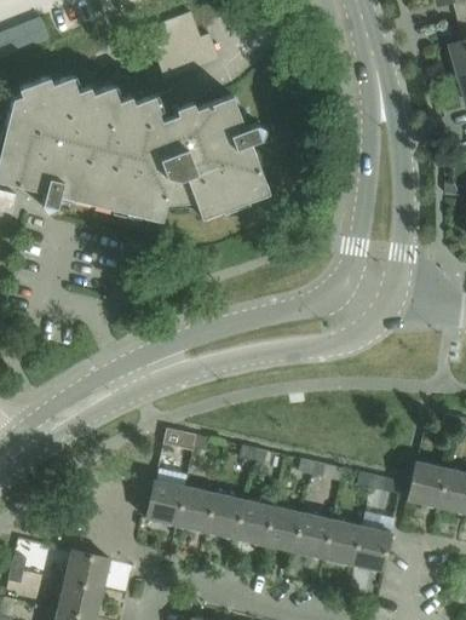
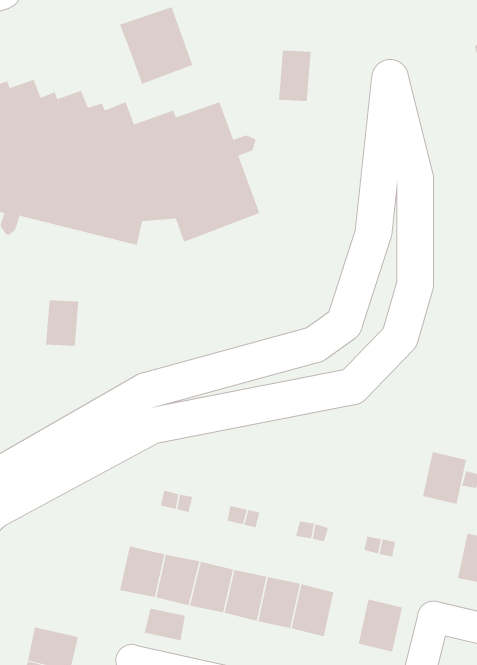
building: none -> [279,50,311,102]
building: none -> [46,299,79,347]
building: [408,463,447,509] -> [422,451,467,505]
building: [323,521,361,566] -> none
building: none -> [144,608,185,641]

